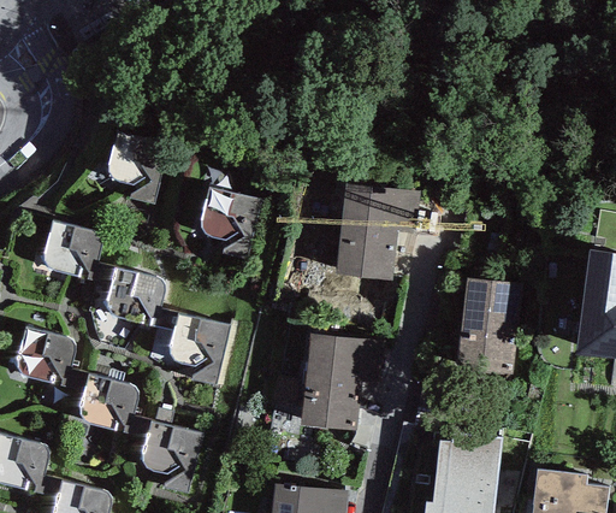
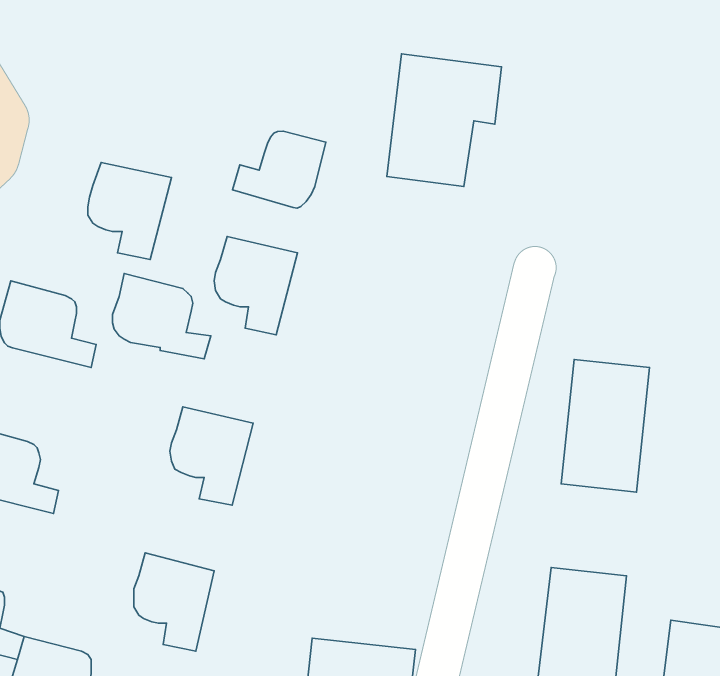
building: none -> [232,131,326,208]
building: [334,182,419,279] -> [387,54,502,187]
building: [106,266,178,329] -> [113,274,211,359]
building: [298,332,383,431] -> none
building: [78,373,150,436] -> none

